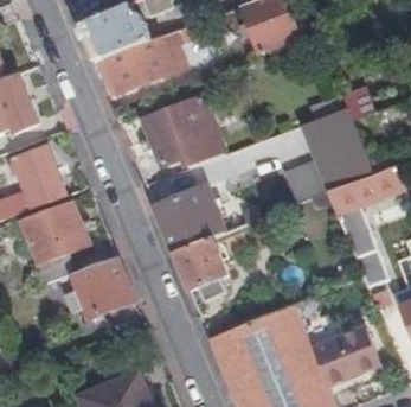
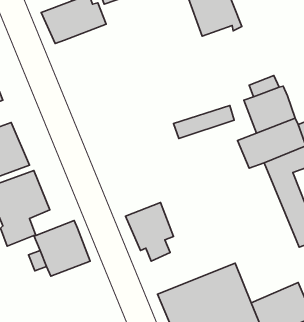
building: [105,32,173,91] -> none
building: [142,95,225,167] -> none
building: [154,190,217,252] -> none

